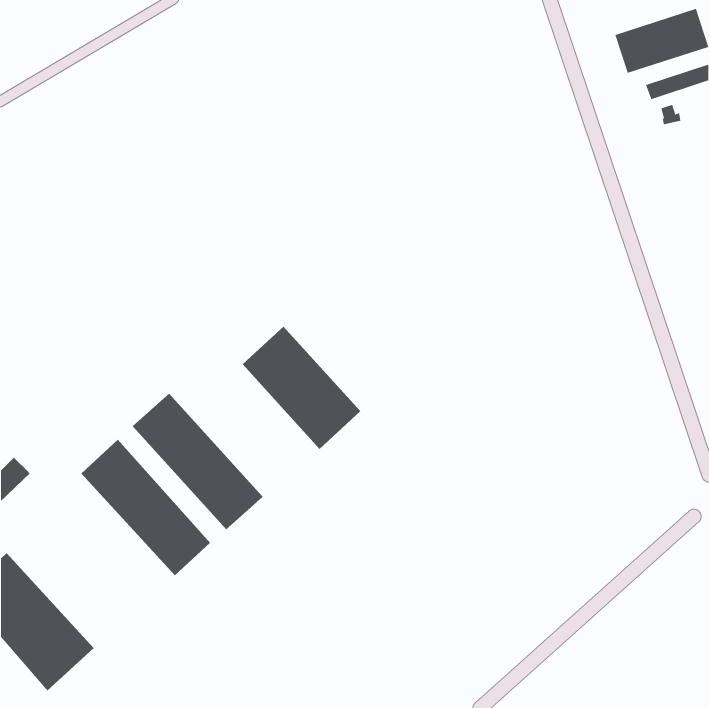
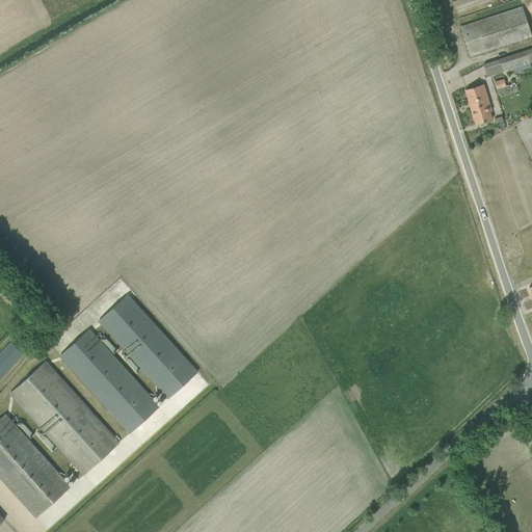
building: none -> [466,83,491,124]
building: [242,326,361,450] -> none
building: none -> [10,361,118,474]

